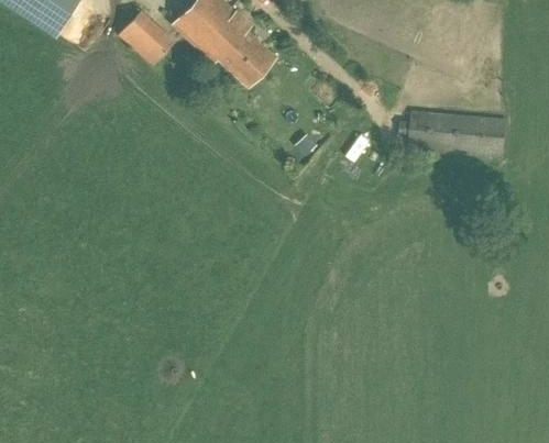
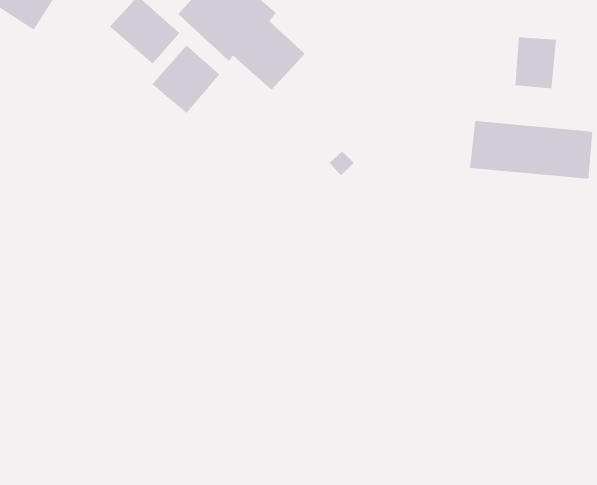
building: none -> [515,37,556,89]
building: none -> [152,45,220,114]

